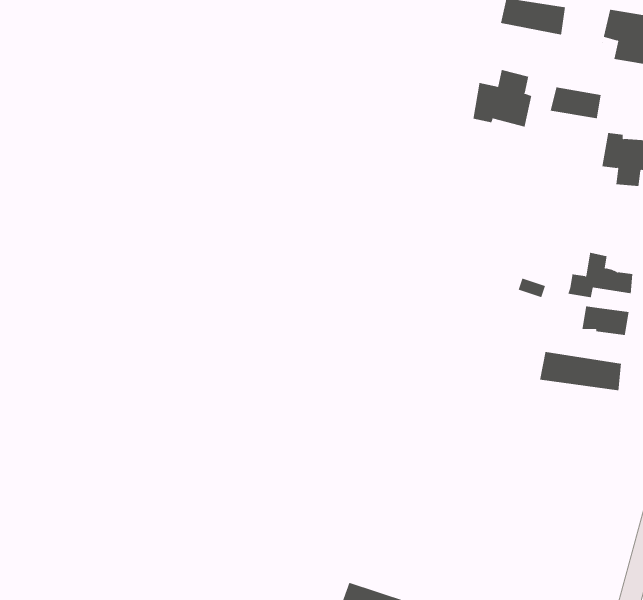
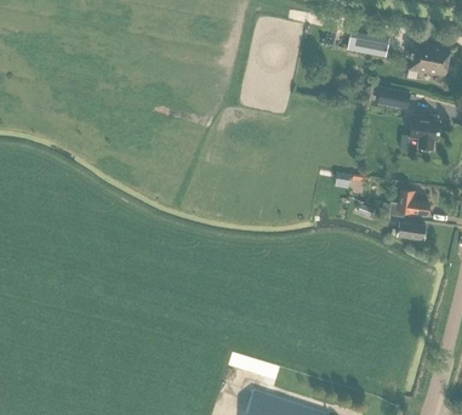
building: [473,69,532,128] -> none
building: [539,351,621,391] -> none

